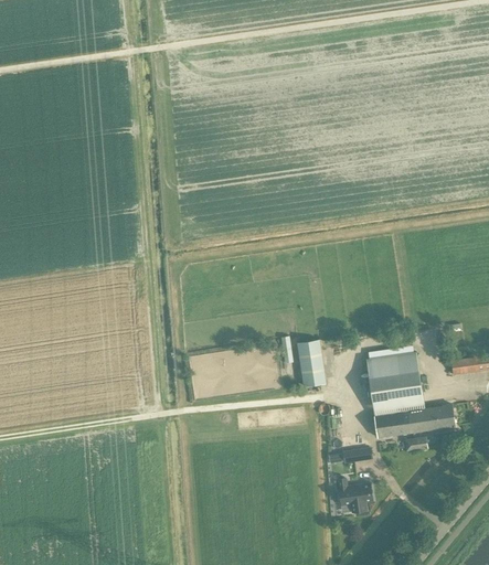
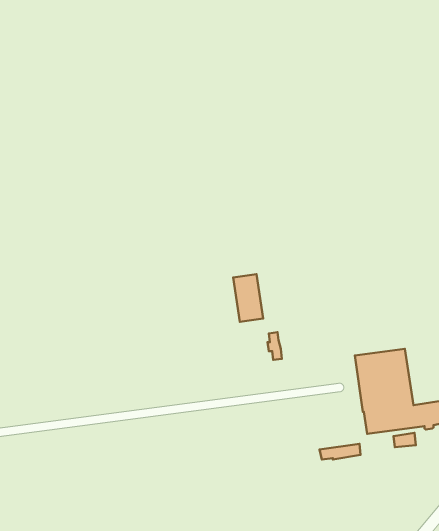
building: [296,339,326,386] -> [233,274,263,322]
building: [338,478,372,512] -> none

